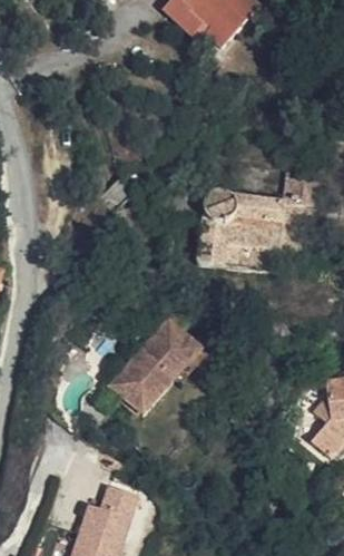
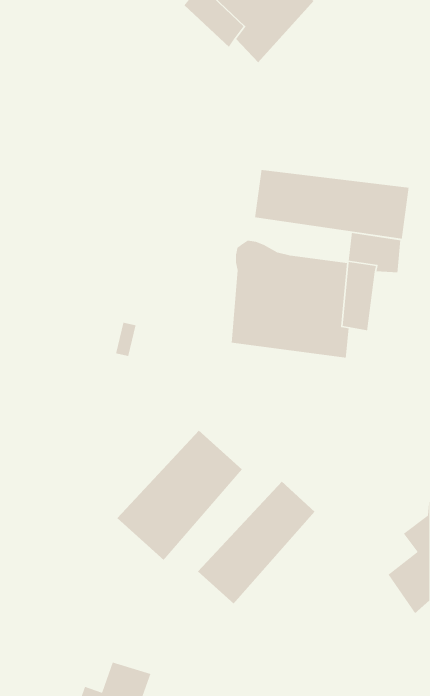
building: none -> [254,169,409,240]
building: none -> [197,481,316,605]

